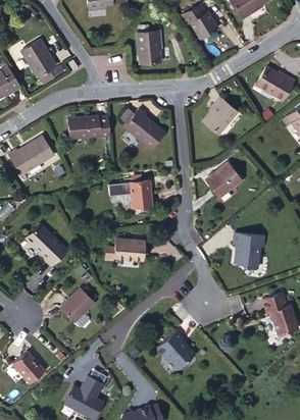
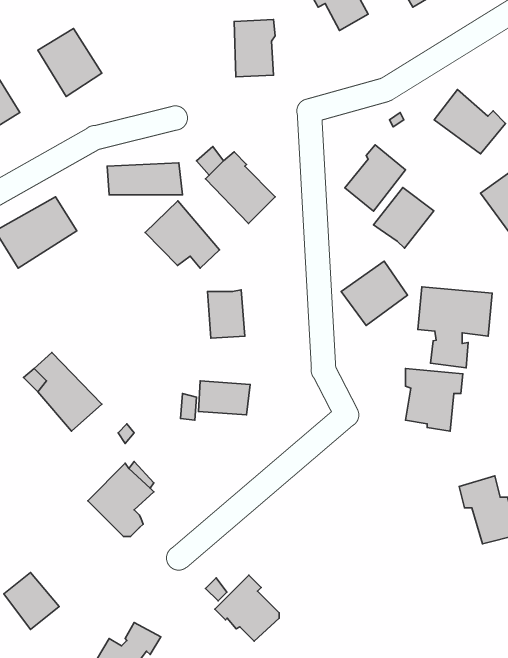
building: none -> [373,187,434,248]
building: none -> [145,201,220,268]
building: none -> [418,287,492,368]
building: [163,328,200,366] -> [215,575,279,641]

